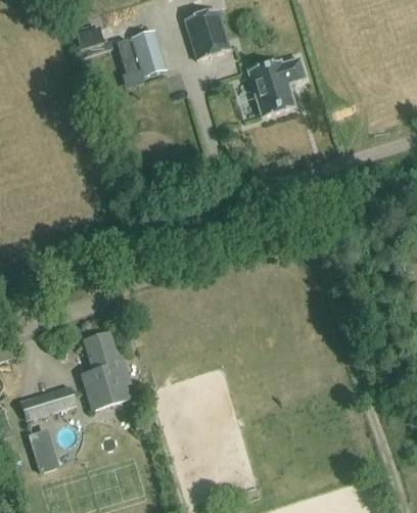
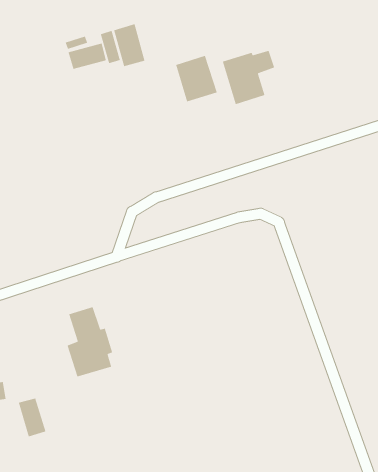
building: [184,8,230,59] -> [175,55,218,103]
building: none -> [68,42,107,70]
building: [20,385,76,419] -> none

